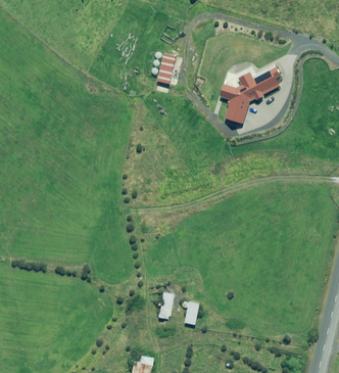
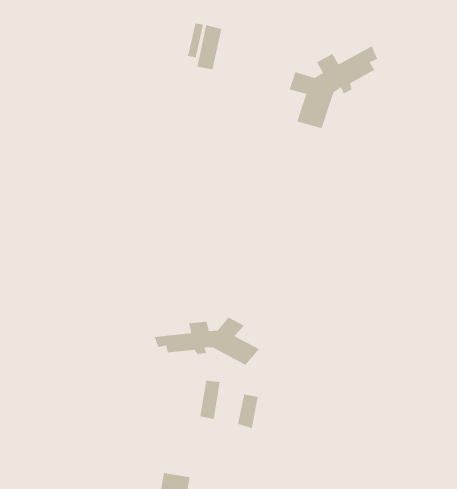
building: none -> [154,317,260,365]

